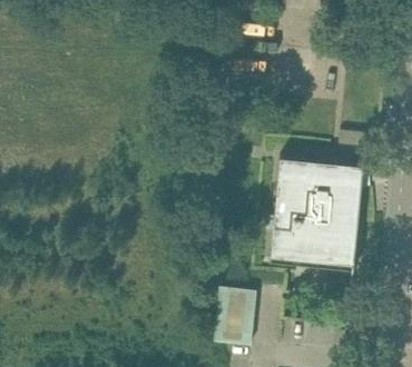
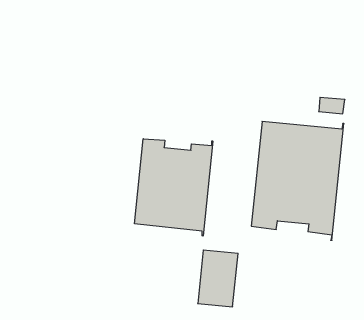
building: none -> [135,139,213,236]

